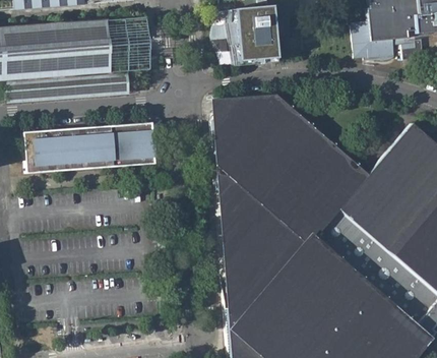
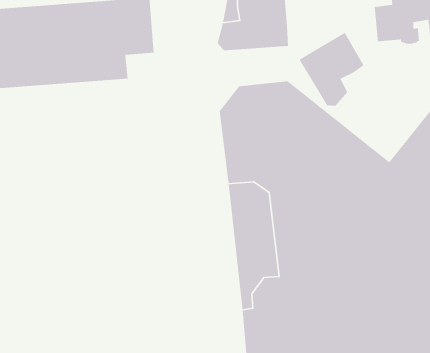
building: none -> [299,32,364,106]
building: [26,121,154,171] -> none

